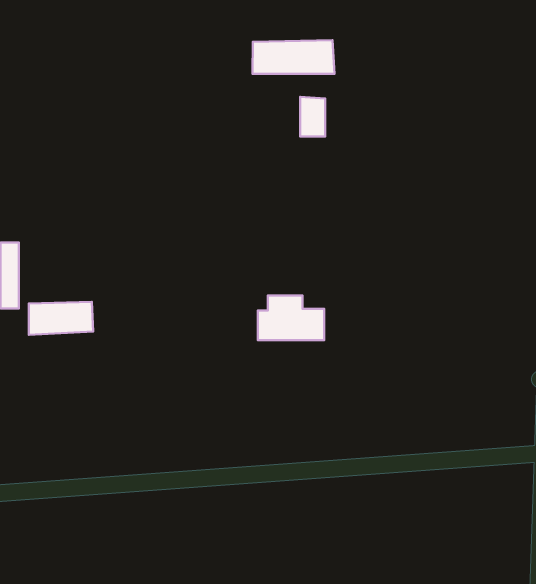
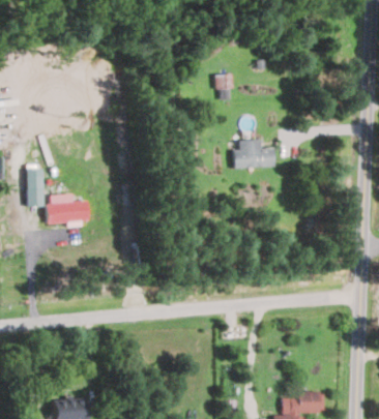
building: [253,40,335,74] -> none
building: [258,296,324,340] -> [233,140,274,168]

